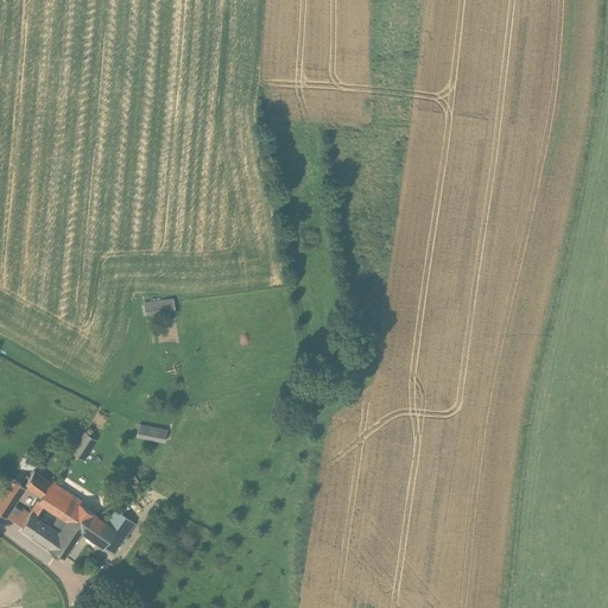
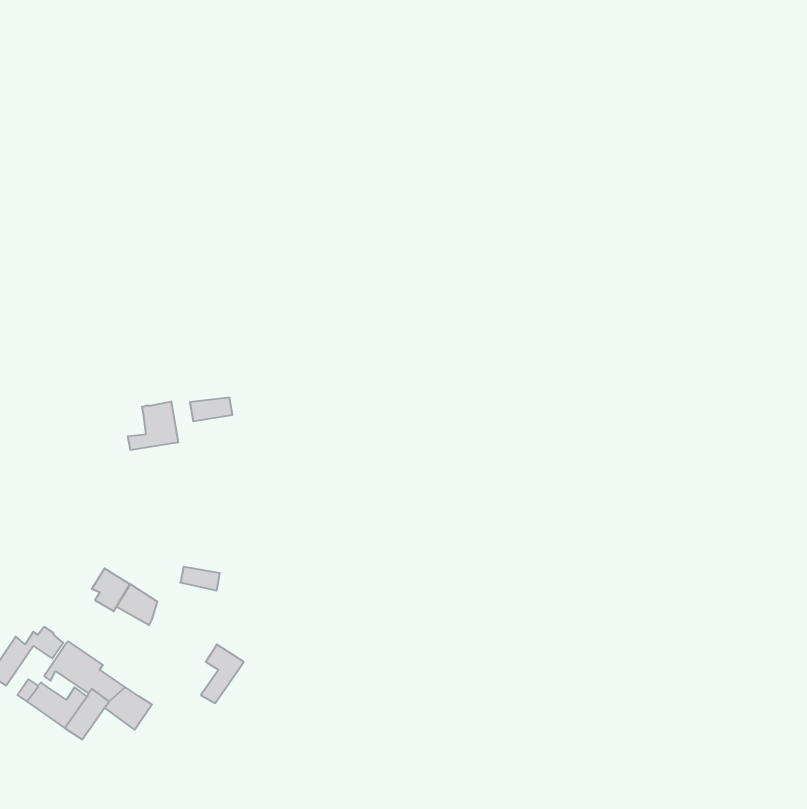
building: none -> [128,401,178,450]
building: none -> [117,584,157,625]
building: [101,509,133,553] -> [201,644,244,703]

